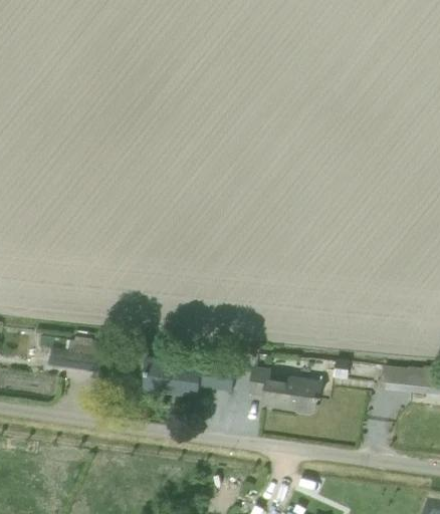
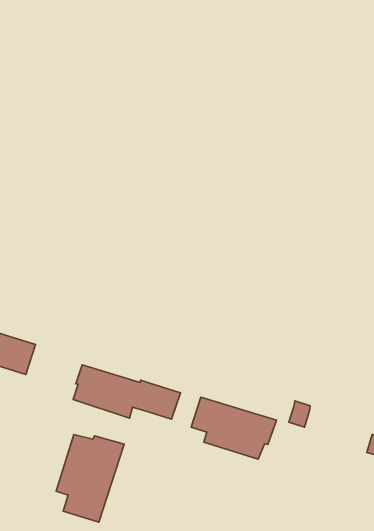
building: none -> [56,435,124,522]

